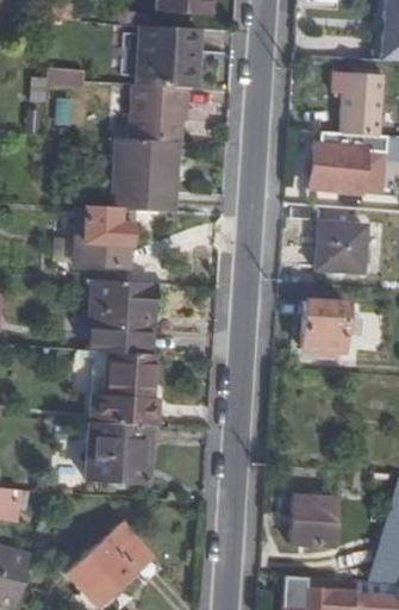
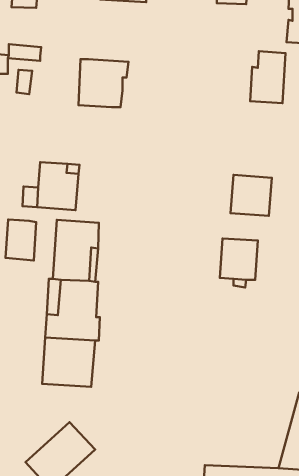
building: [142,25,200,87] -> none
building: [307,133,391,191] -> none
building: [114,138,175,213] -> none
building: none -> [6,220,36,260]
building: [289,496,335,546] -> none

